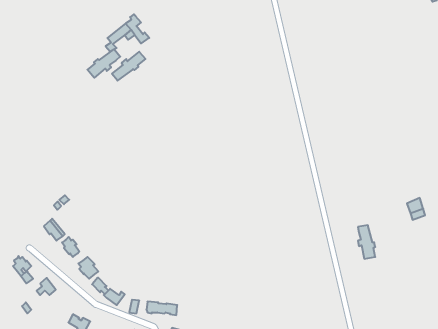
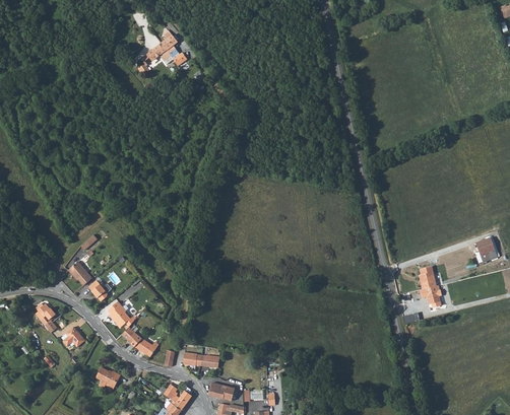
building: [87,49,120,78] -> none
building: [112,52,145,81] -> none

